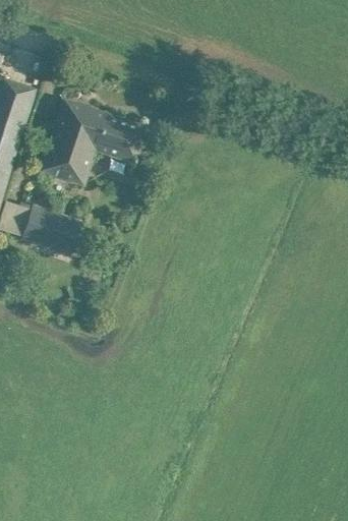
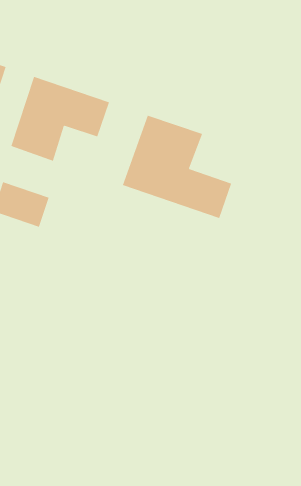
building: none -> [122,115,232,219]

